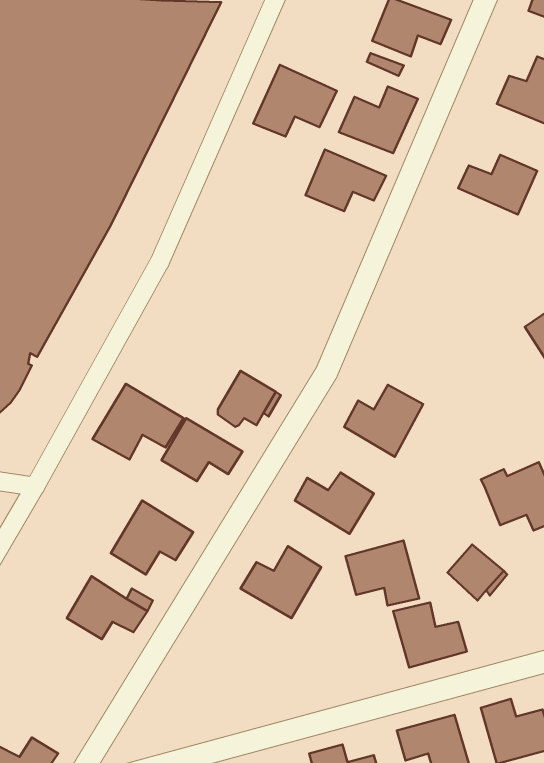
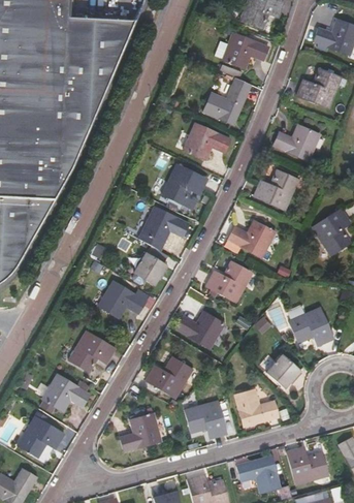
building: [253,65,337,136] -> none
building: none -> [160,163,208,207]
building: none -> [253,169,298,212]
building: none -> [141,208,189,251]
building: none -> [228,222,273,257]
building: [92,384,184,460] -> none
building: [345,540,419,605] -> [184,401,227,439]
building: none -> [120,414,160,451]
building: none -> [17,415,65,458]

